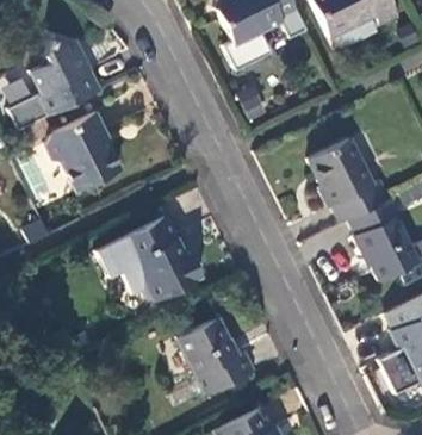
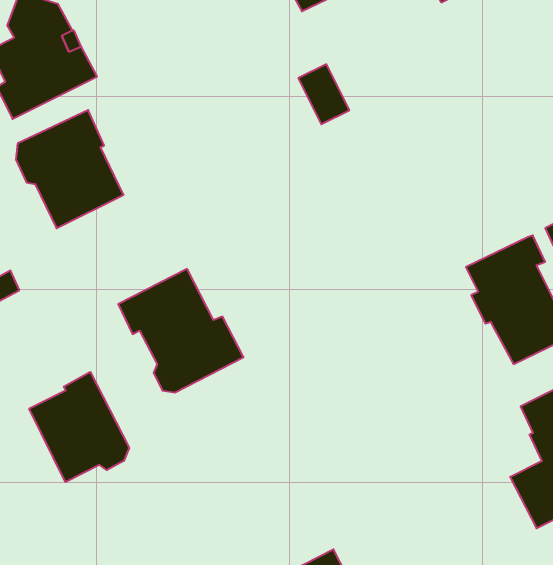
building: [311,139,392,222] -> none
building: none -> [29,372,129,482]
building: [176,319,253,394] -> none

